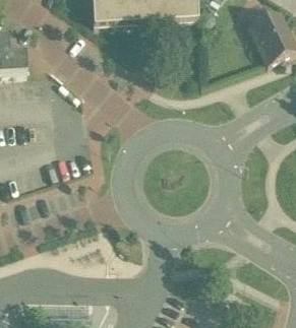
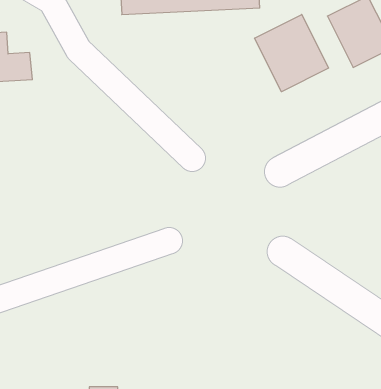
building: none -> [255,14,329,92]

